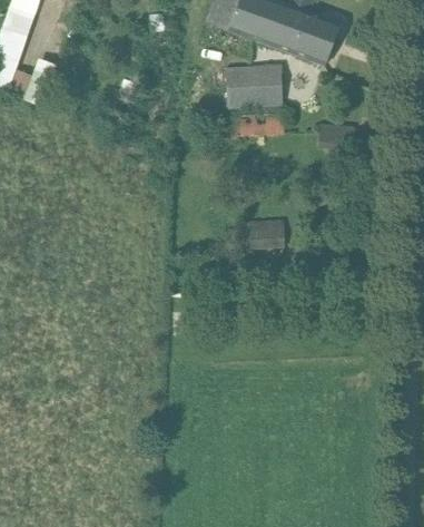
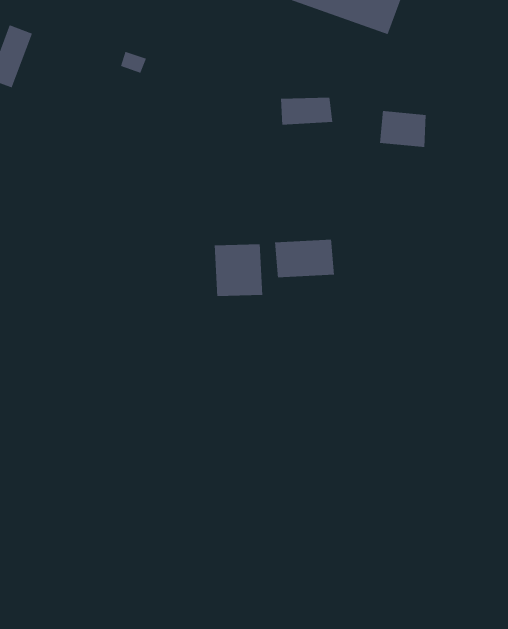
building: [225,64,284,108] -> none
building: none -> [214,243,263,297]

